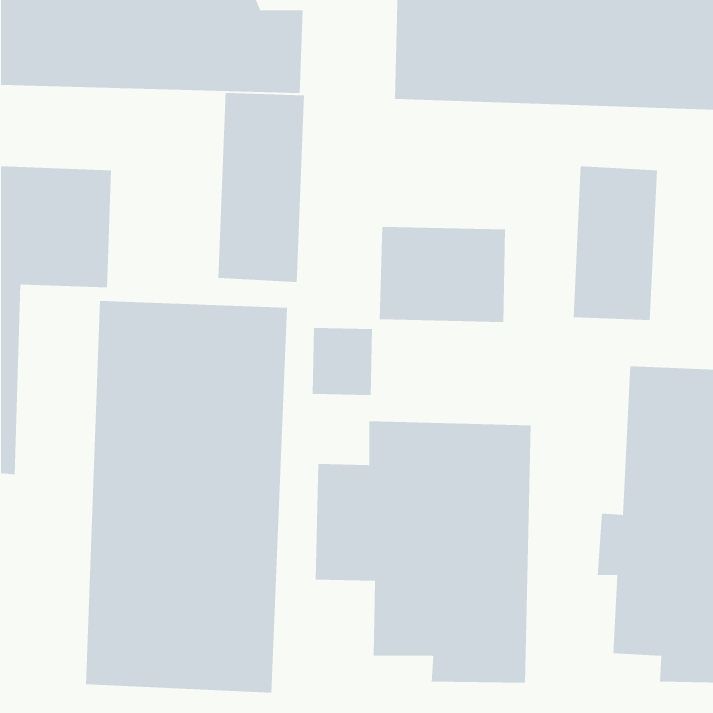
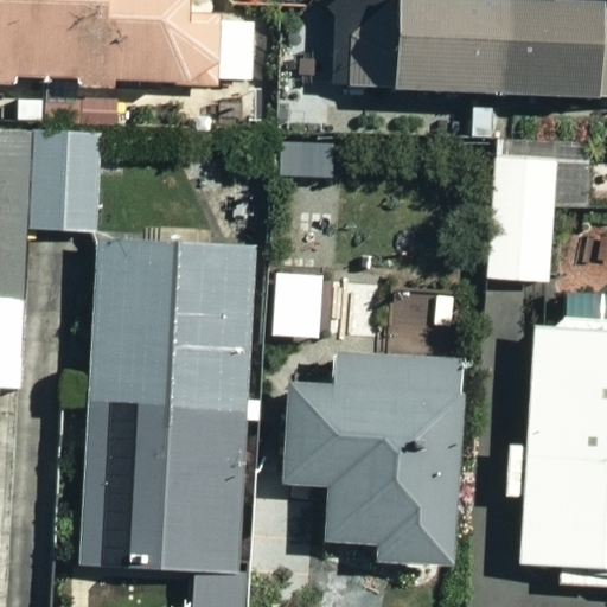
building: [218,92,305,283] -> none
building: [379,226,505,323] -> none

